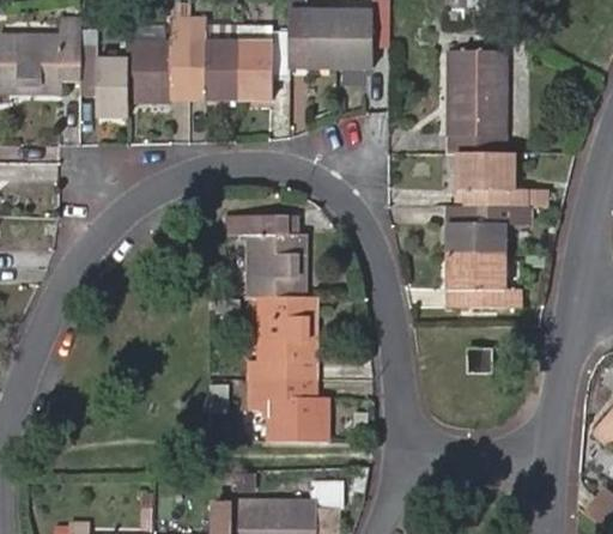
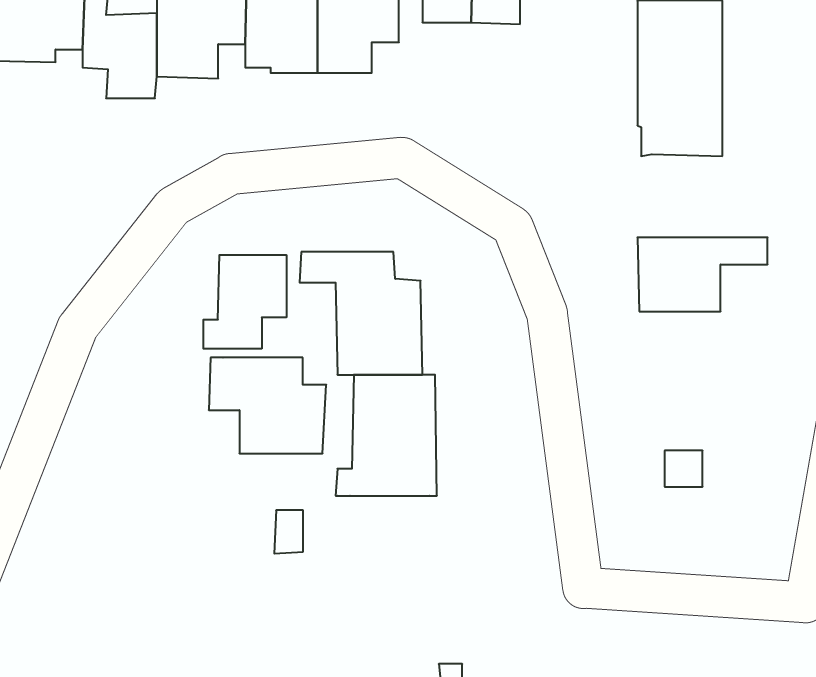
building: [457,151,544,206] -> none
building: none -> [203,255,286,349]
building: [448,255,515,307] -> none
building: [248,377,326,441] -> [209,358,326,453]

